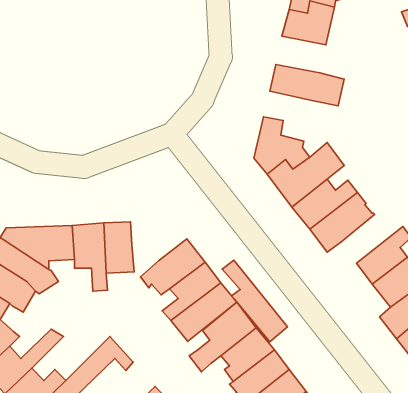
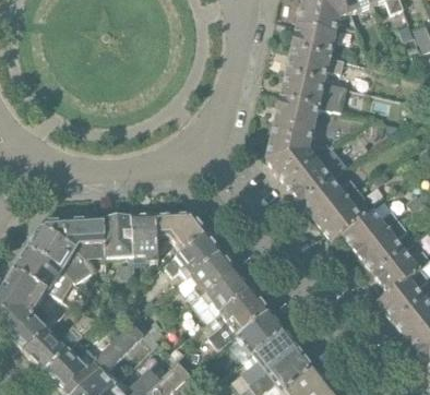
building: none -> [285,48,346,81]
building: none -> [274,97,319,142]
building: none -> [343,207,398,251]
building: none -> [155,213,205,249]
building: [222,260,288,342] -> none

